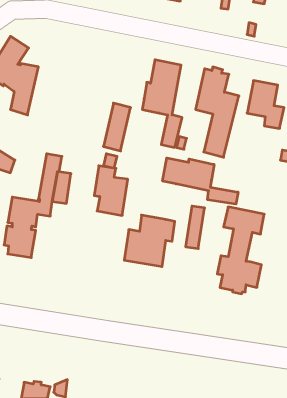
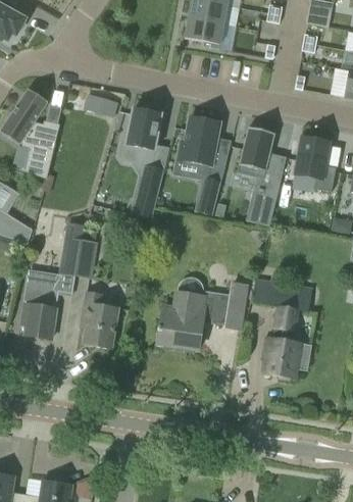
building: none -> [84,93,117,113]
building: none -> [119,107,160,160]
building: [163,158,238,204] -> none
building: [94,166,128,215] -> [80,293,117,349]

